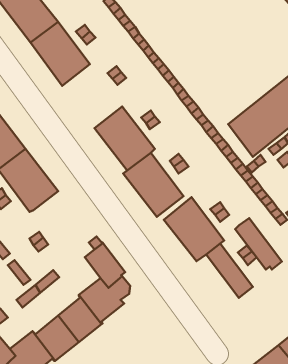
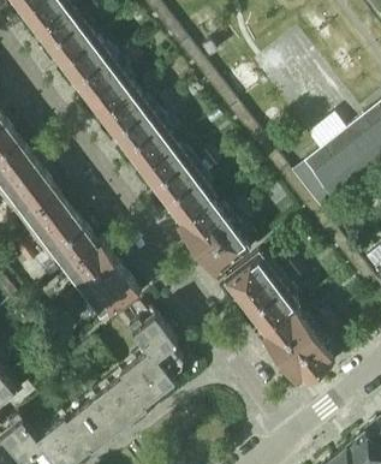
building: none -> [101,90,174,168]
building: none -> [66,242,141,321]
building: [235,218,282,269] -> [260,322,316,385]

